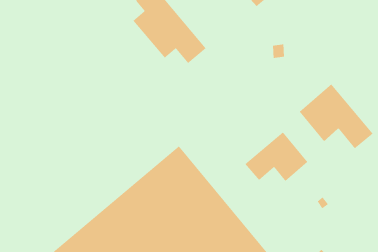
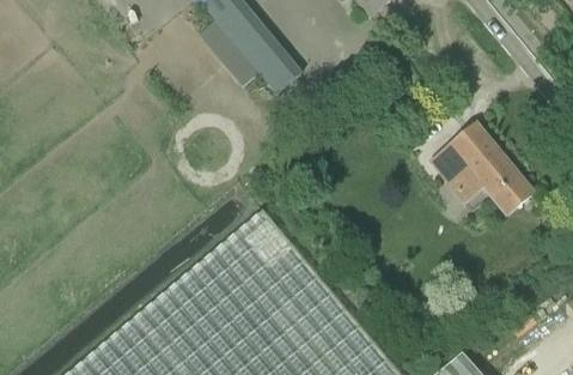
building: [244,131,308,182] -> none

